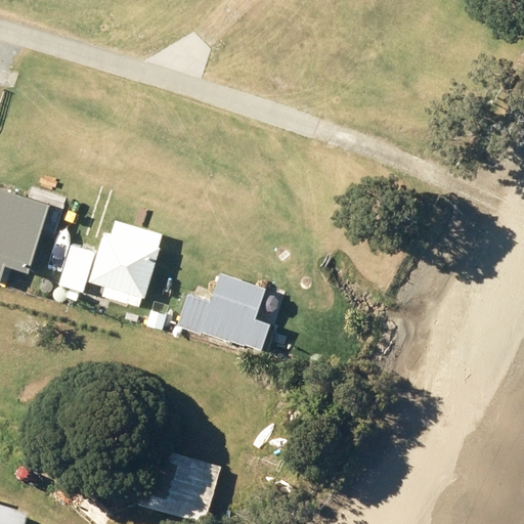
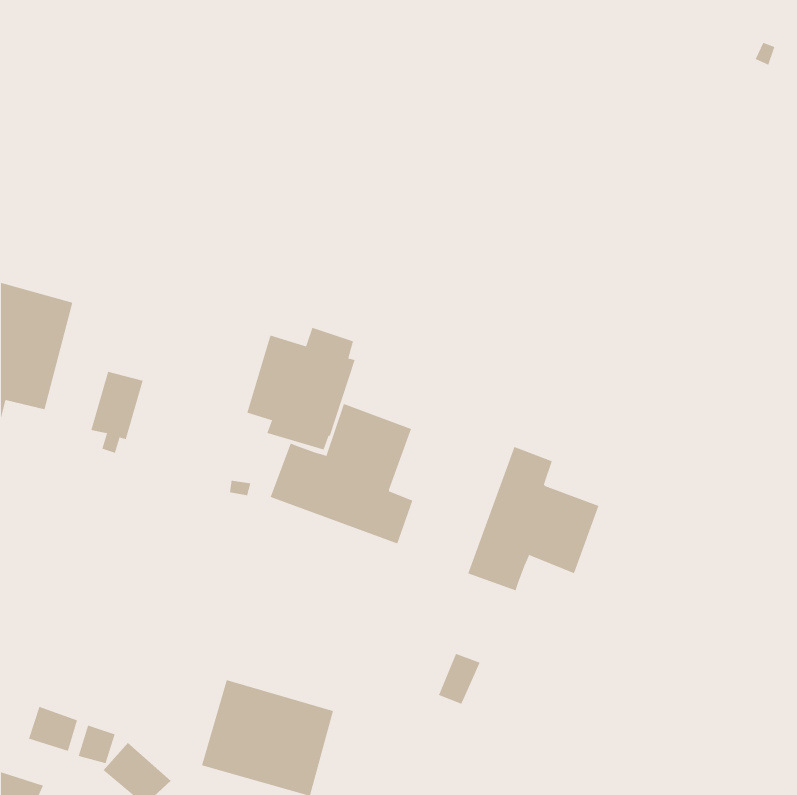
building: [88,224,160,305] -> [246,327,356,450]
building: none -> [467,446,599,591]

